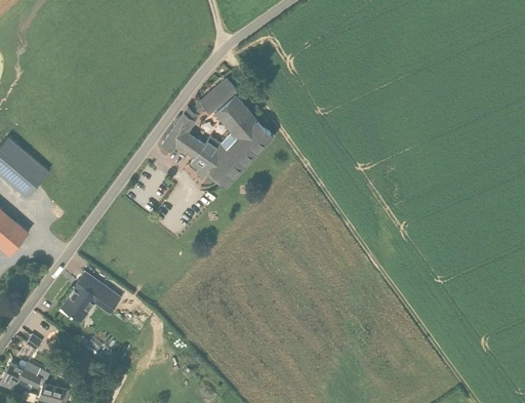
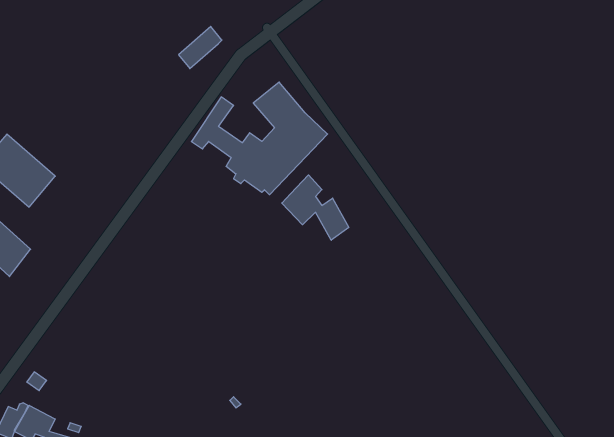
building: [199,78,235,113] -> [179,26,222,69]
building: none -> [282,175,349,240]
building: [59,271,120,321] -> none

